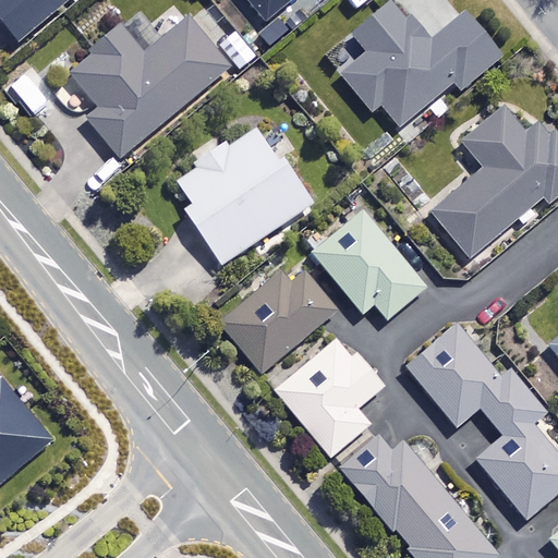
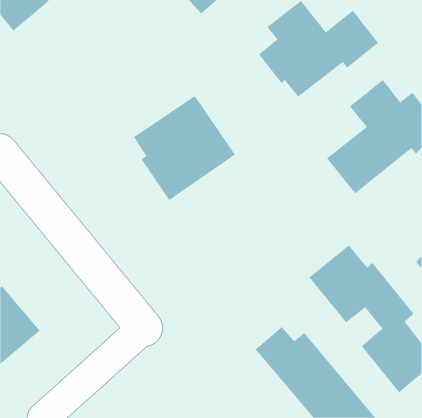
building: [69,15,232,161] -> none
building: [314,211,425,318] -> none
building: [221,265,349,372] -> none
building: [276,336,384,457] -> none

